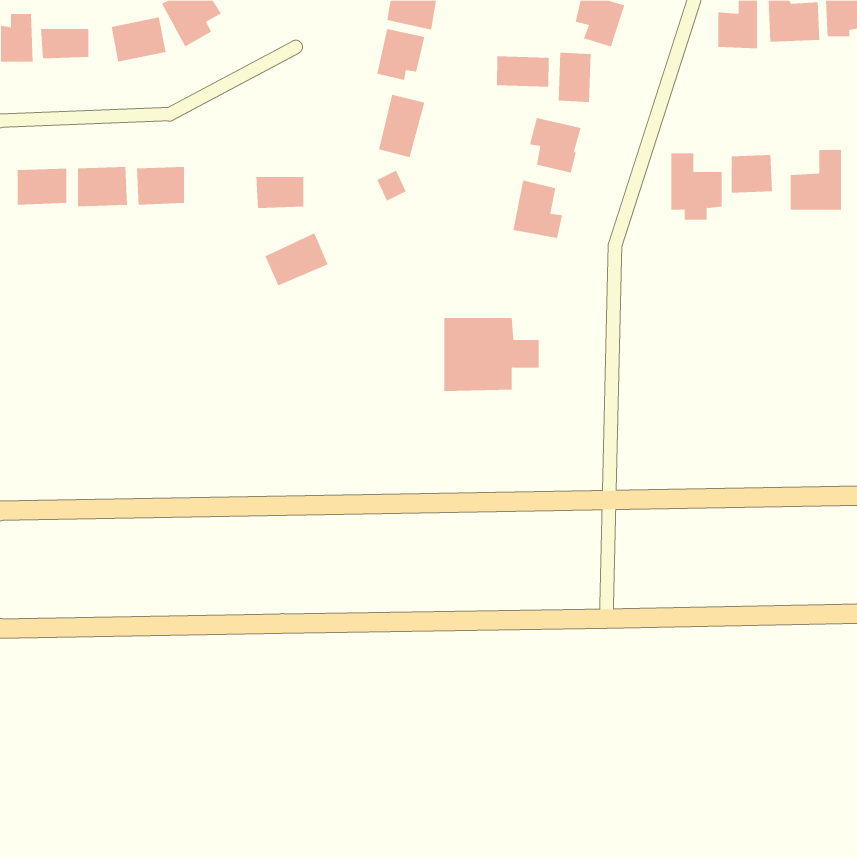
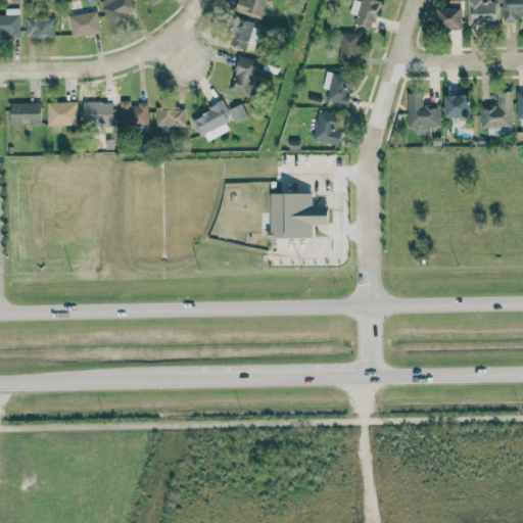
building: [497,55,549,88] -> none
building: none -> [121,101,149,127]
building: [265,233,328,286] -> [194,103,233,136]

